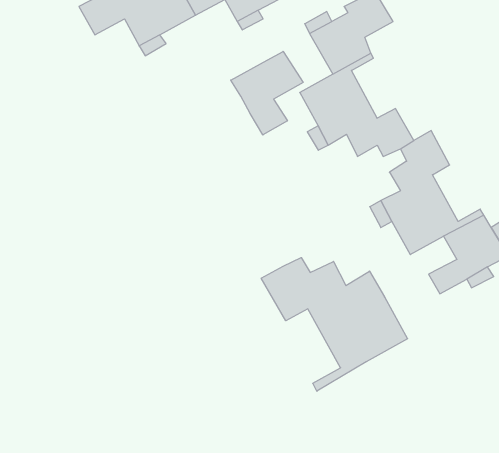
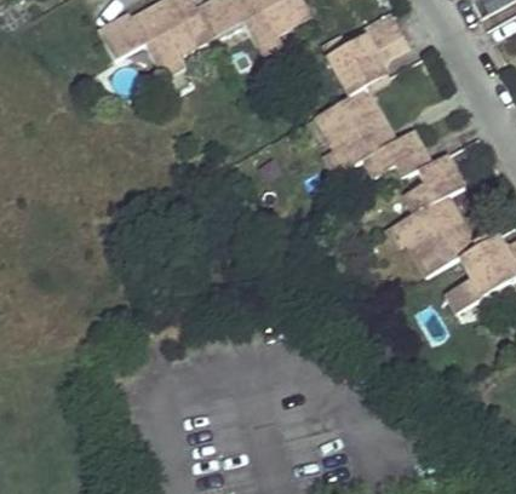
building: [231,51,303,135] -> none
building: [261,258,408,391] -> none

